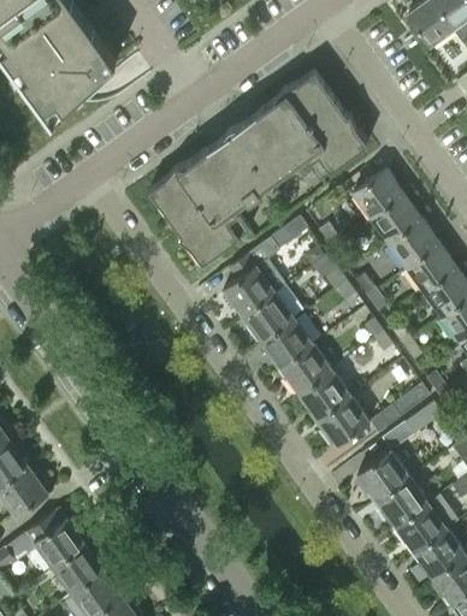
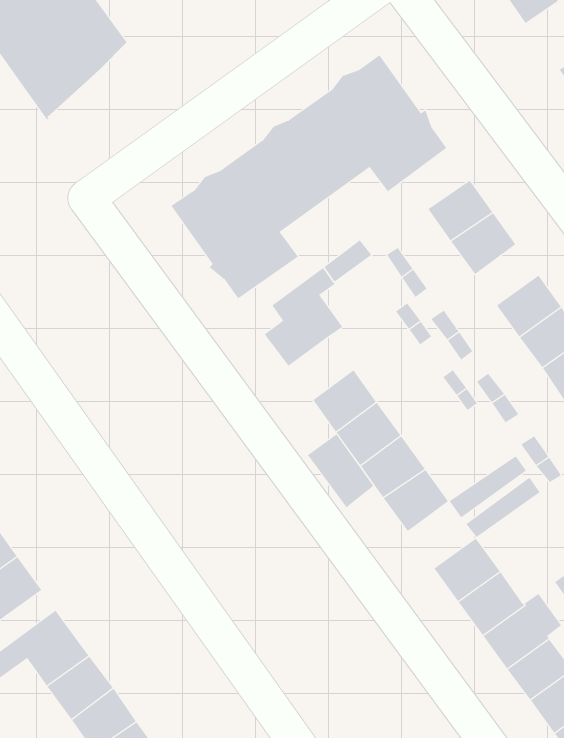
building: [389,219,439,267] -> none
building: [242,291,294,342] -> none
building: none -> [307,433,374,508]

